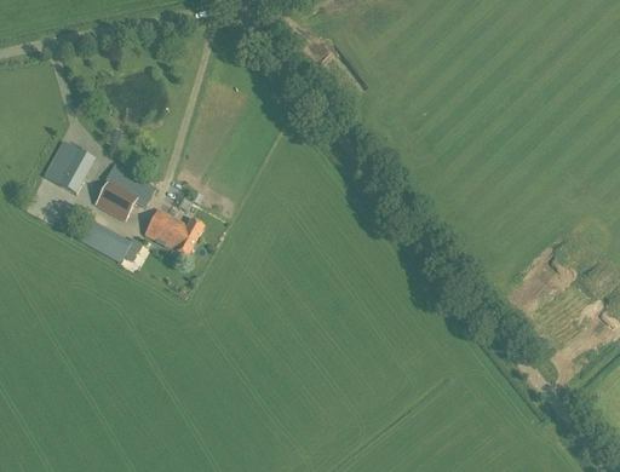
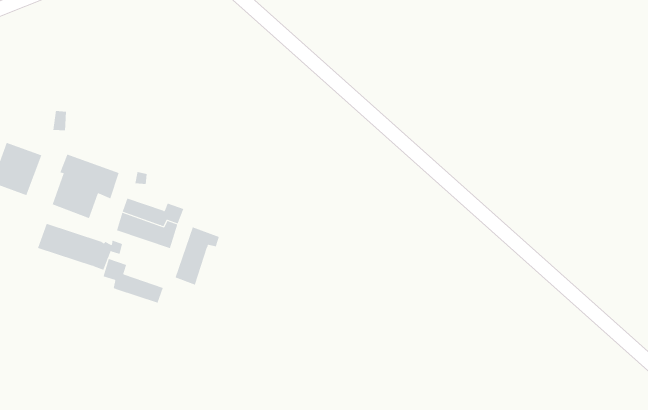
building: none -> [175,226,219,285]
building: none -> [103,258,163,304]

